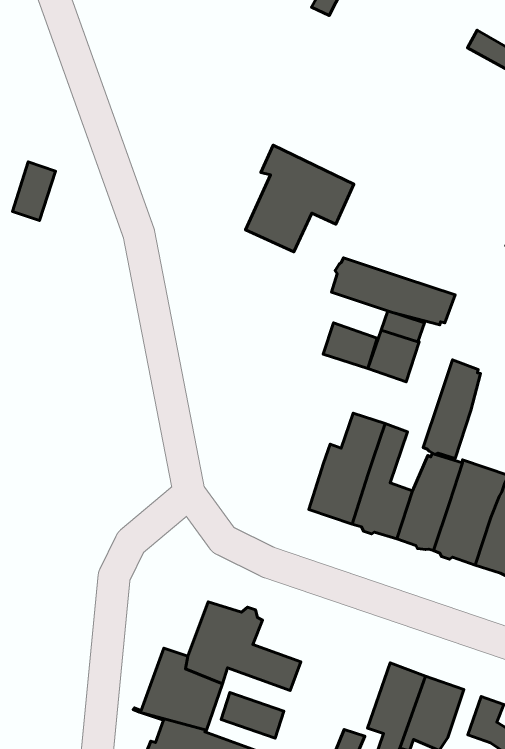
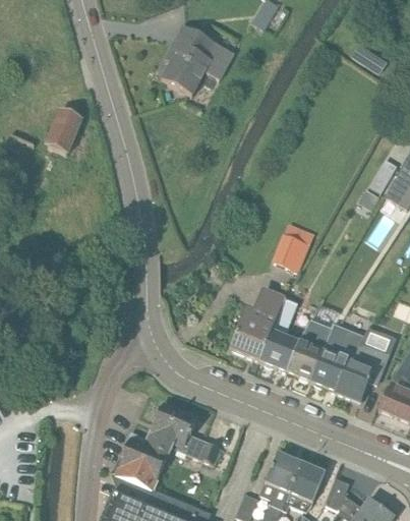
building: [246,145,354,252] -> [162,24,234,95]
building: [332,258,455,325] -> none
building: [323,323,377,368] -> none
building: [423,360,480,458] -> none
building: [221,692,284,738] -> none

